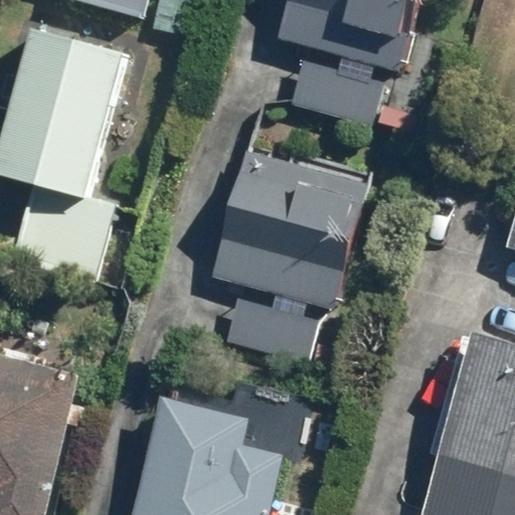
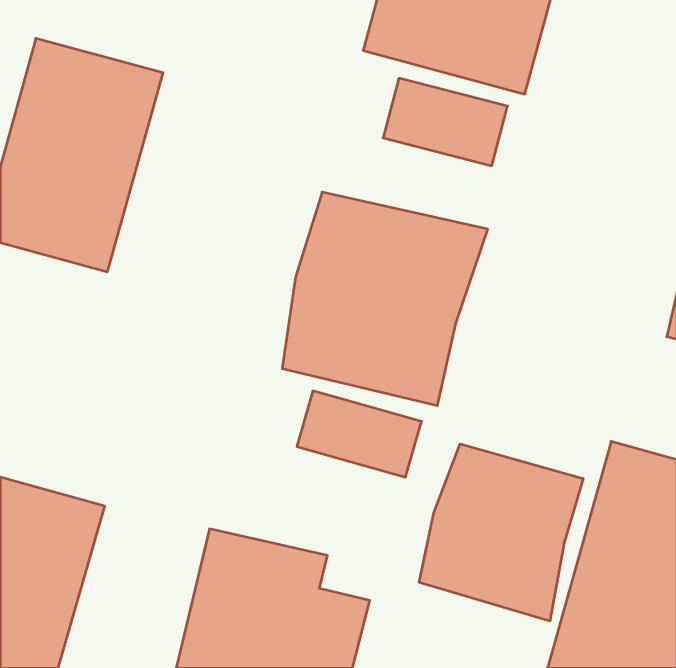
building: none -> [419,444,583,621]

